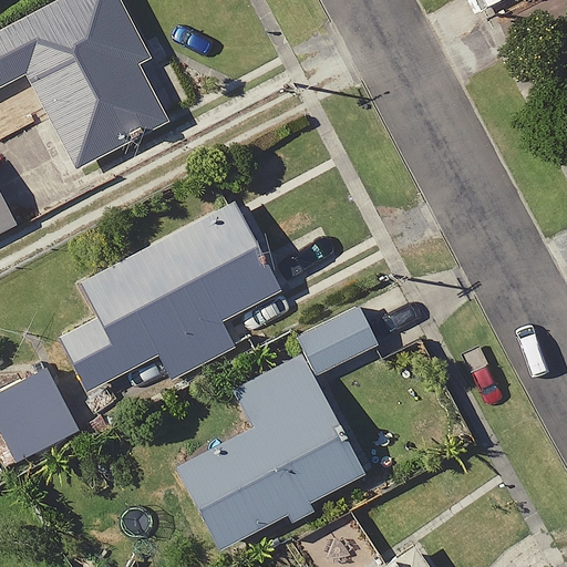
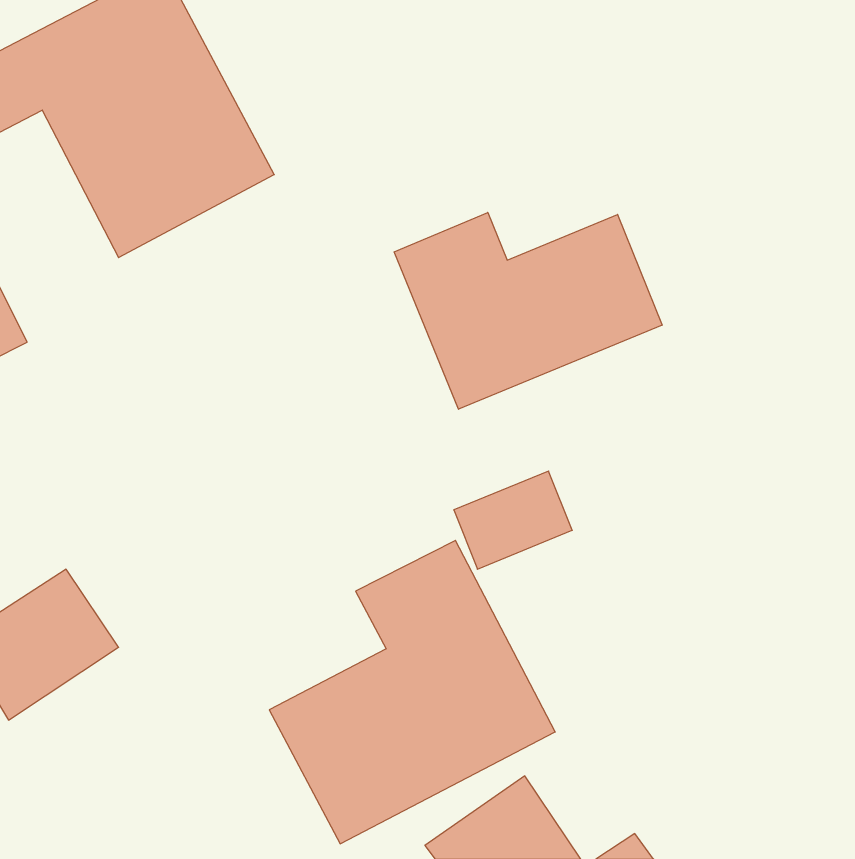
building: none -> [394,212,662,409]
building: [62,209,278,386] -> none

